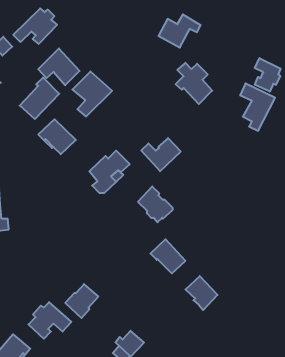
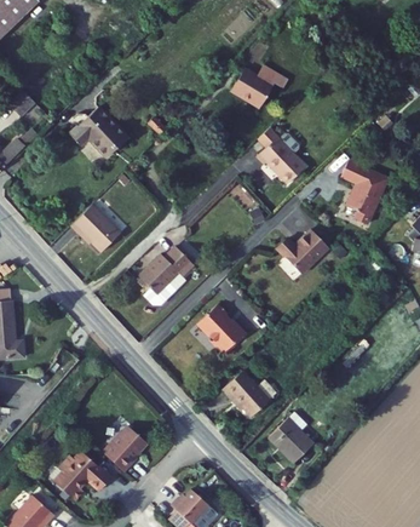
building: [13,8,57,44] -> none
building: [255,58,281,92] -> none
building: [72,71,112,117] -> none
building: [20,77,59,119] -> none
building: [141,138,181,171] -> [276,230,329,275]

